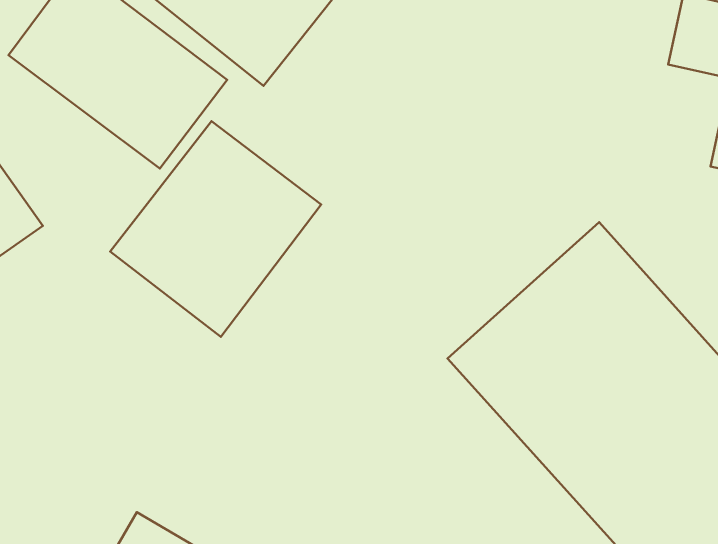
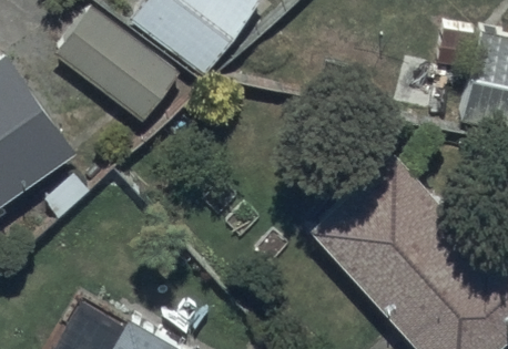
building: [110,121,321,337] -> none

